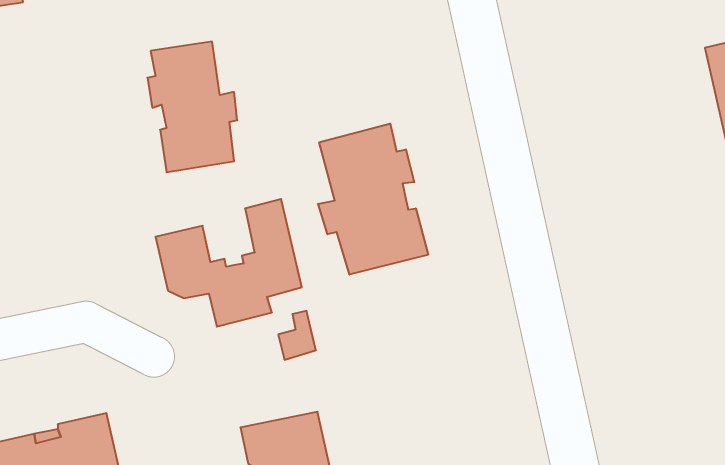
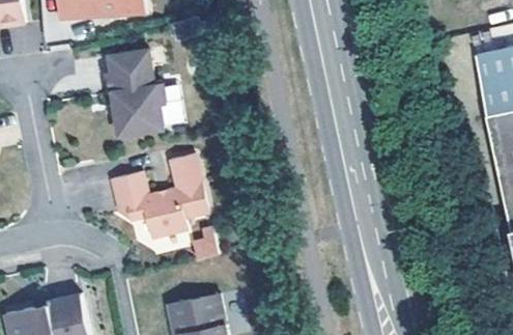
building: [318,124,428,275] -> none

